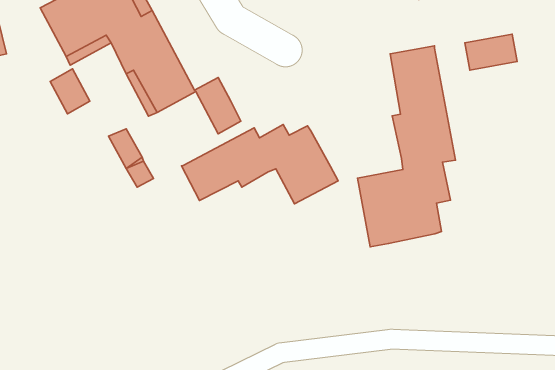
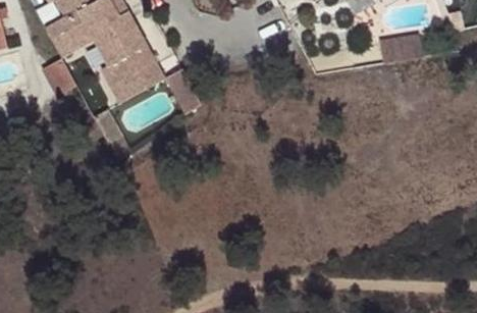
building: [358,46,456,247] -> none
building: [182,124,338,204] -> none

